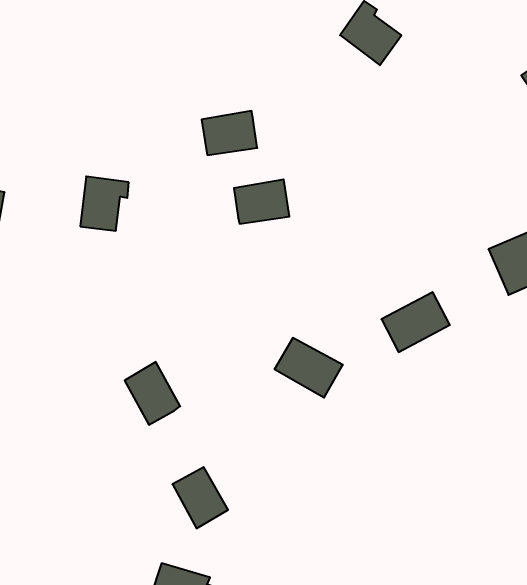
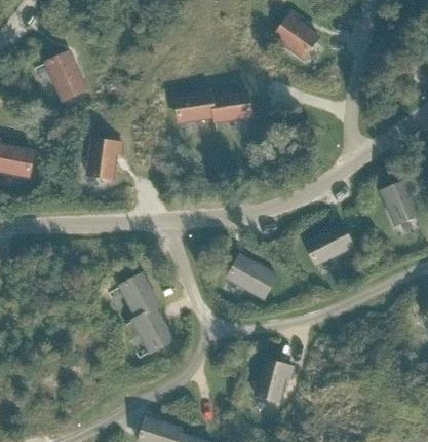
building: none -> [45,52,86,101]
building: [234,179,289,224] -> [211,91,251,123]
building: [172,467,228,528] -> [132,308,172,353]
building: none -> [255,360,294,402]

